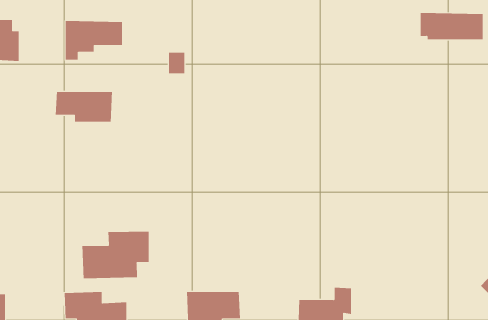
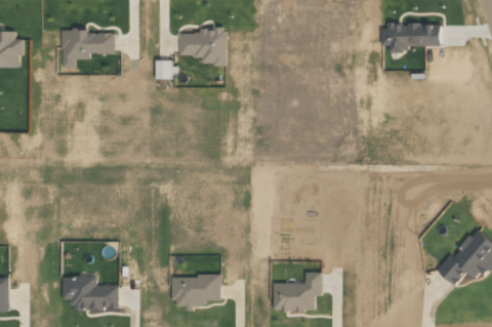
building: none -> [180,28,225,65]
building: [55,91,112,122] -> none
building: [82,231,149,279] -> none

